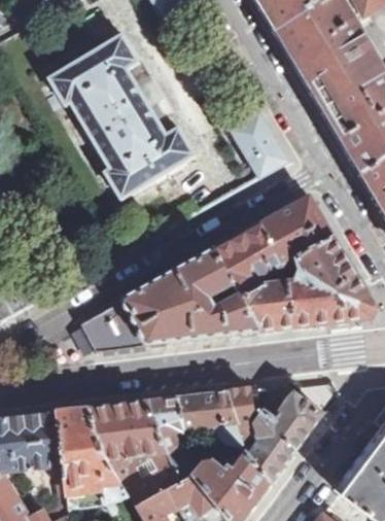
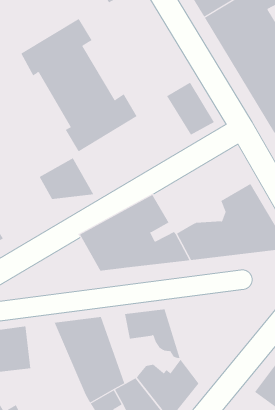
building: [212,195,332,297] -> none
building: [79,298,147,349] -> [39,158,94,199]
building: [227,383,321,481] -> none
building: [149,395,194,481] -> none
building: [57,406,129,509] -> none

